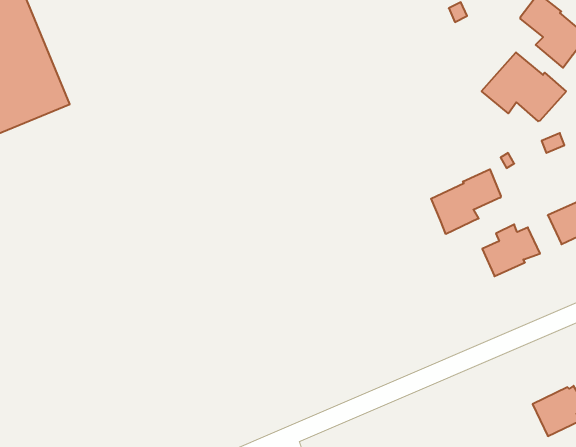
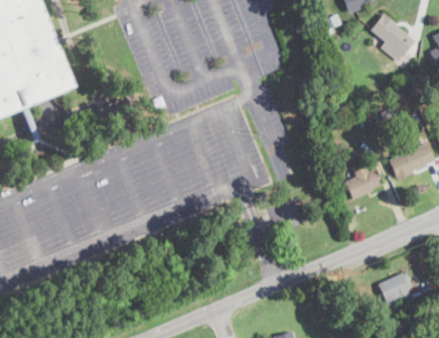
building: [482,52,566,121] -> none
building: [431,169,501,234] -> none

